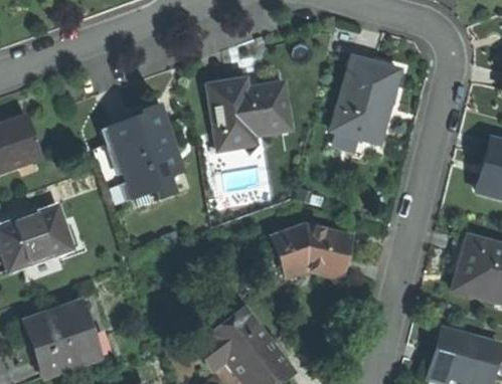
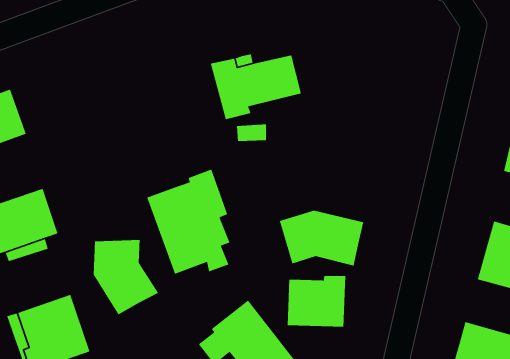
building: [330,56,402,151] -> none
building: [102,102,179,199] -> [146,169,230,275]
building: none -> [93,239,159,315]
building: none -> [287,275,346,327]

